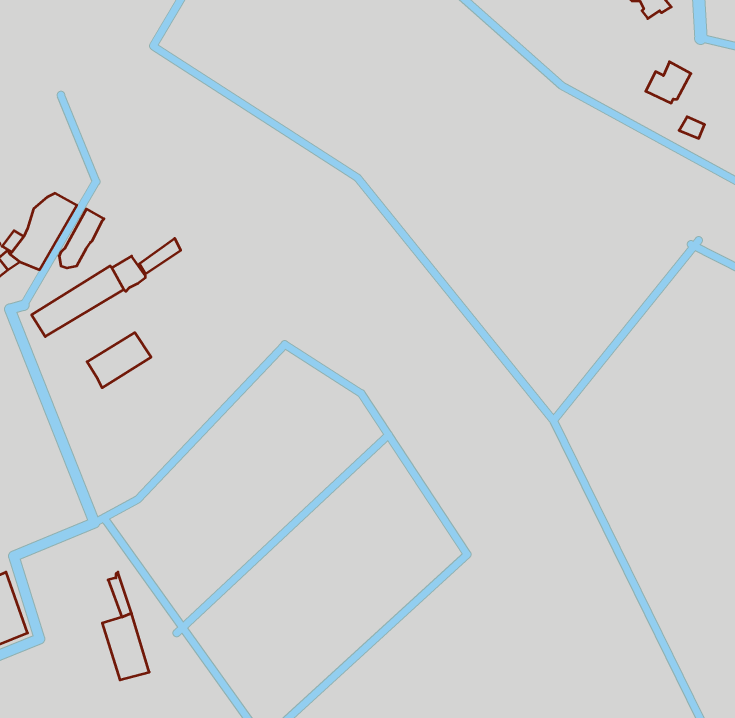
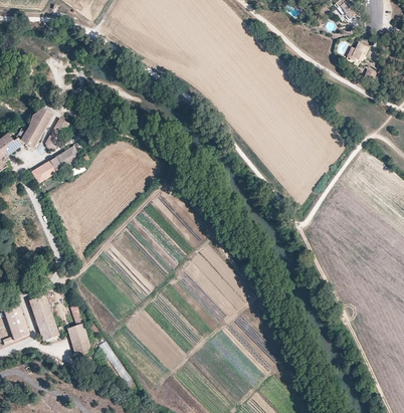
building: [87,333,151,388] -> none
building: none -> [28,293,58,340]

